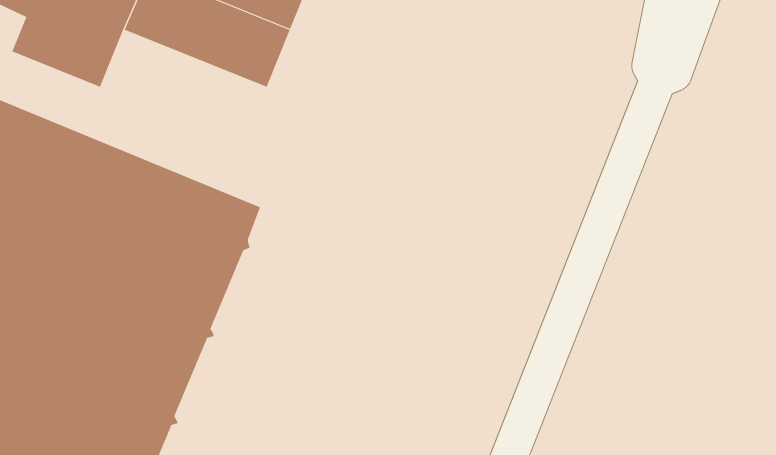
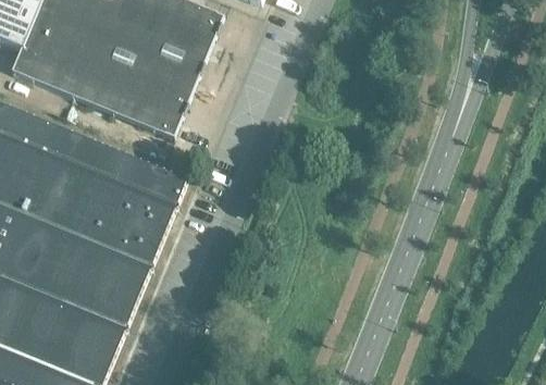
building: none -> [73,54,189,136]

